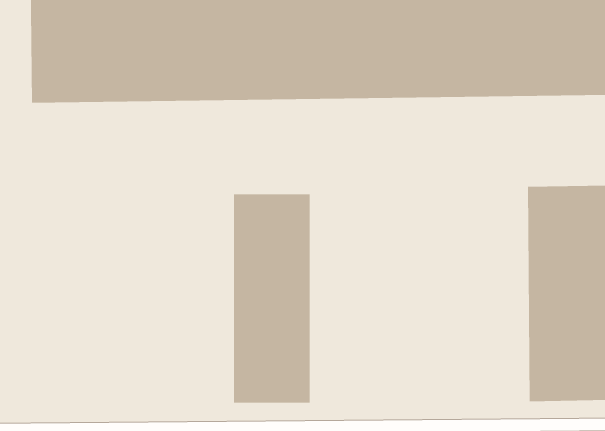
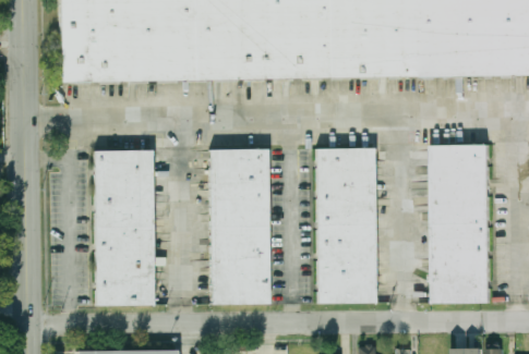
building: none -> [315,148,376,305]
building: none -> [94,150,154,306]

